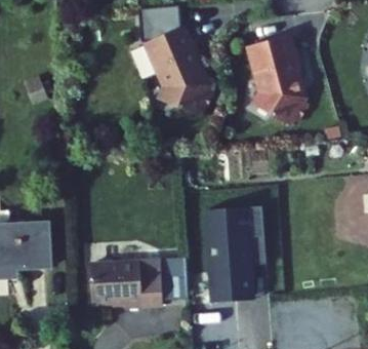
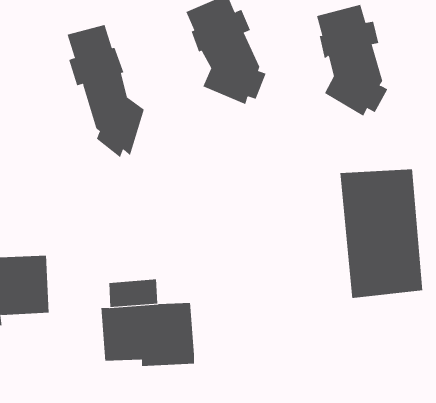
building: none -> [67,24,144,158]
building: [195,209,260,311] -> [340,169,423,298]
building: [152,262,178,304] -> none

